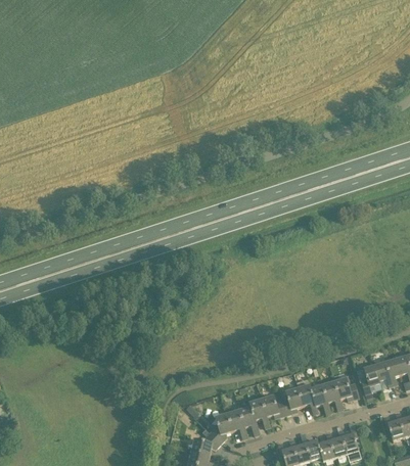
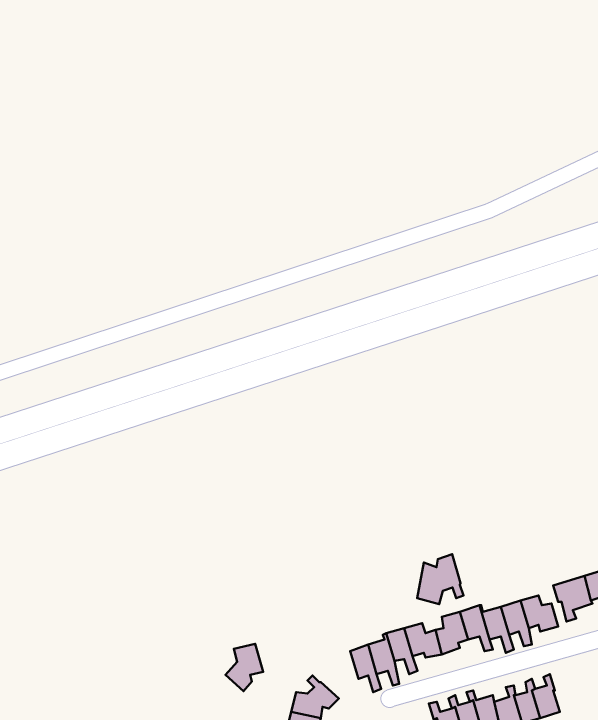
building: none -> [417,554,463,604]
building: [211,412,234,441] -> [226,644,263,691]

